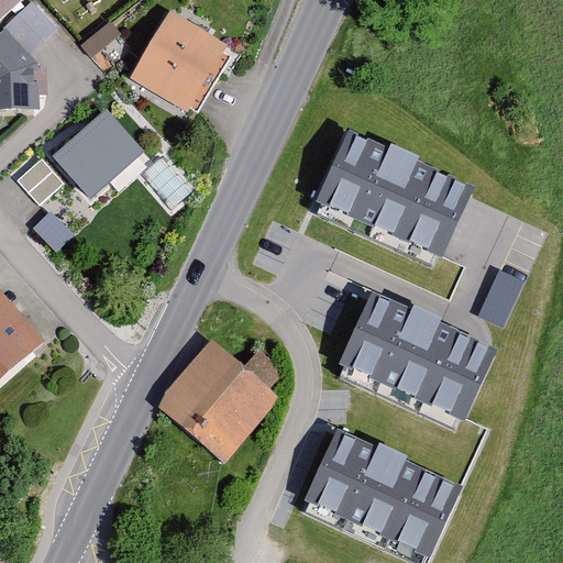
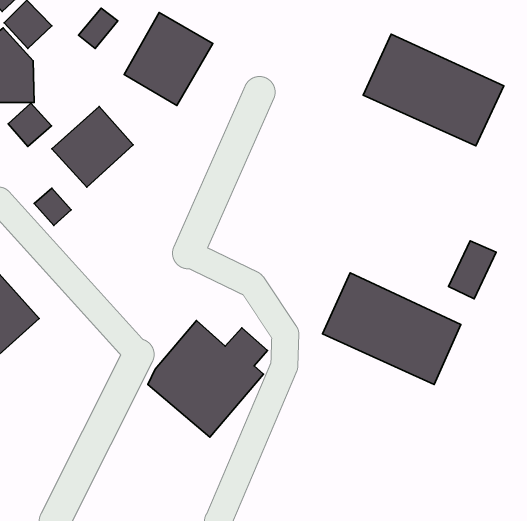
building: [319,128,468,246] -> [363,34,504,146]
building: [15,158,62,205] -> [8,103,52,147]
building: [309,429,455,544] -> none

